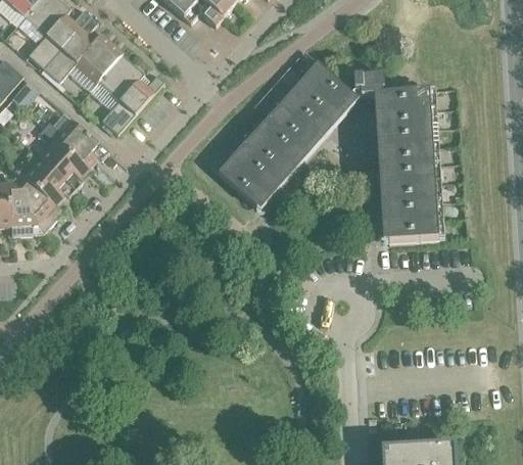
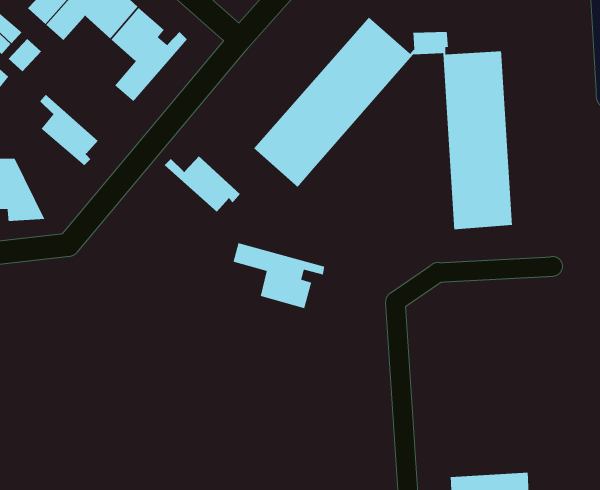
building: [42,120,107,168] -> [164,156,241,212]
building: [16,157,75,234] -> none
building: none -> [232,242,325,309]

